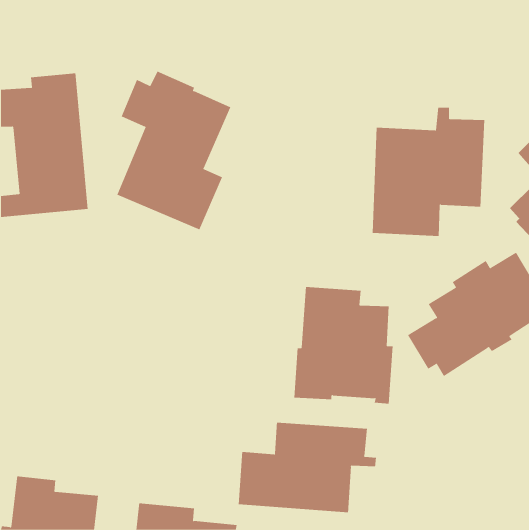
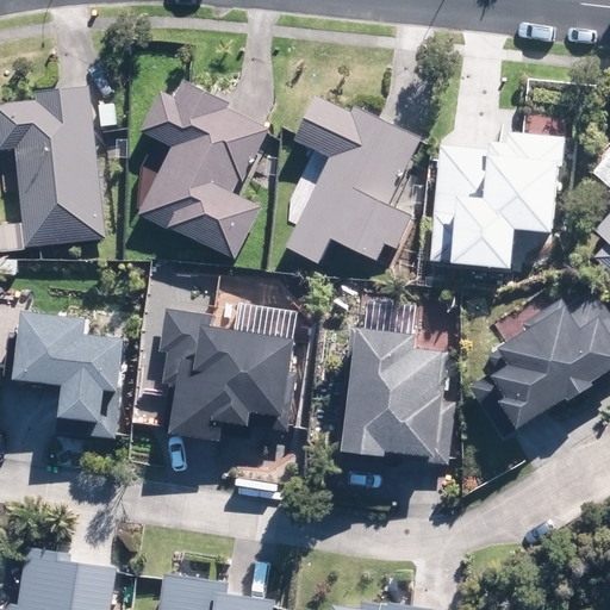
building: none -> [286,98,422,263]
building: none -> [161,306,292,441]
building: none -> [19,311,123,438]
building: [238,422,377,513] -> none

